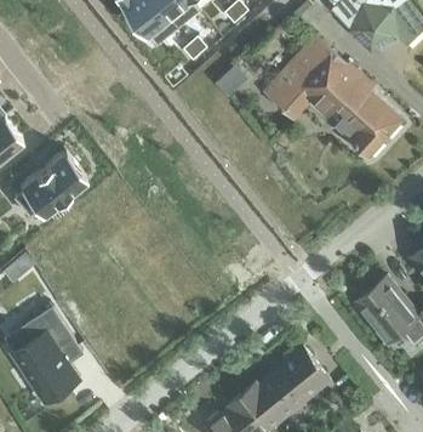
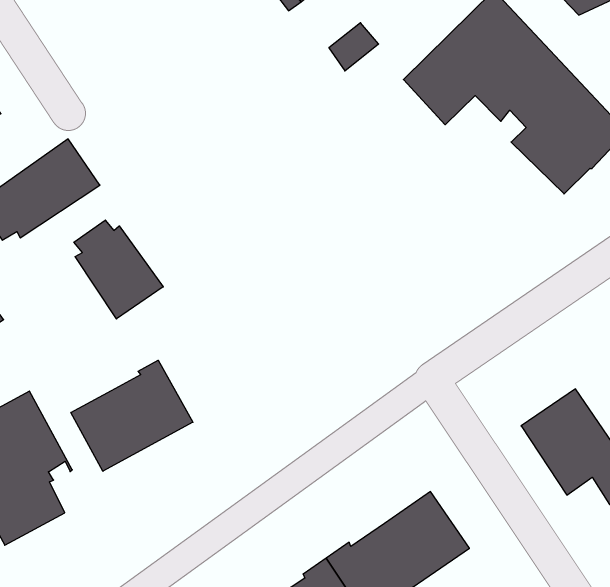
building: none -> [74,220,163,319]
building: none -> [71,360,193,471]

